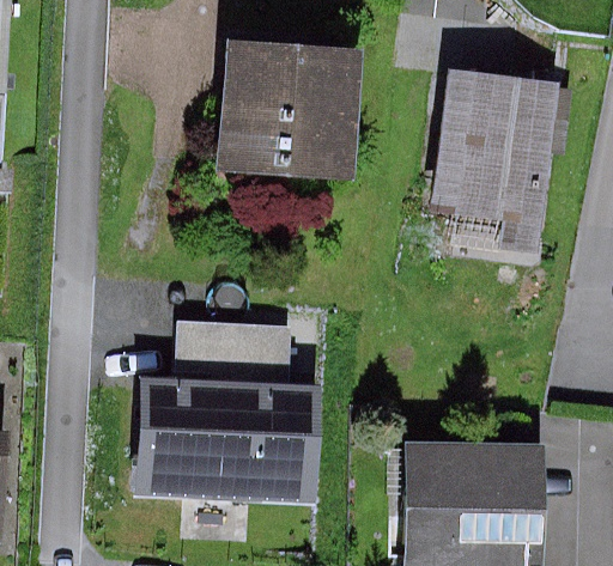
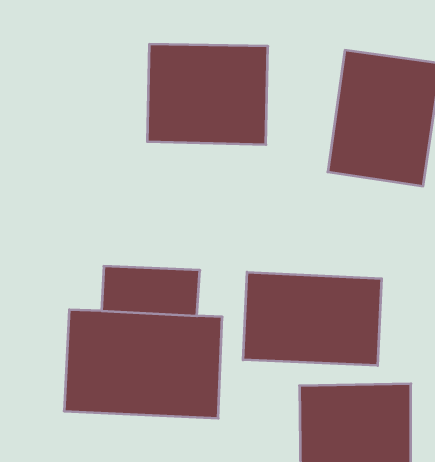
building: none -> [243,272,382,366]

